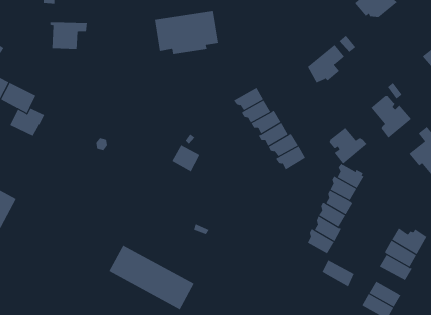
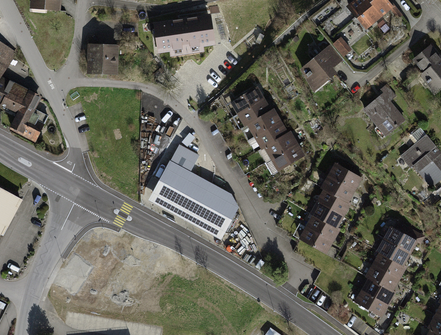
building: [50,22,88,49] -> [87,46,124,73]
building: [329,127,368,164] -> none
building: [108,245,195,310] -> [153,168,237,232]
building: [322,259,355,287] -> [366,264,398,291]

